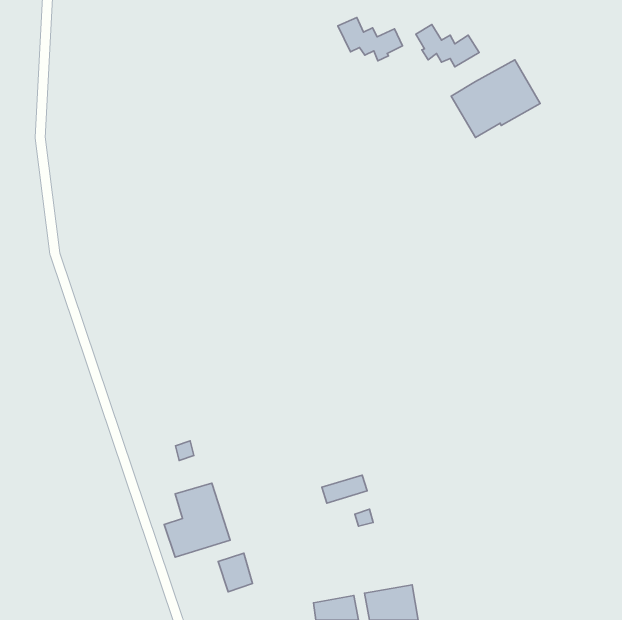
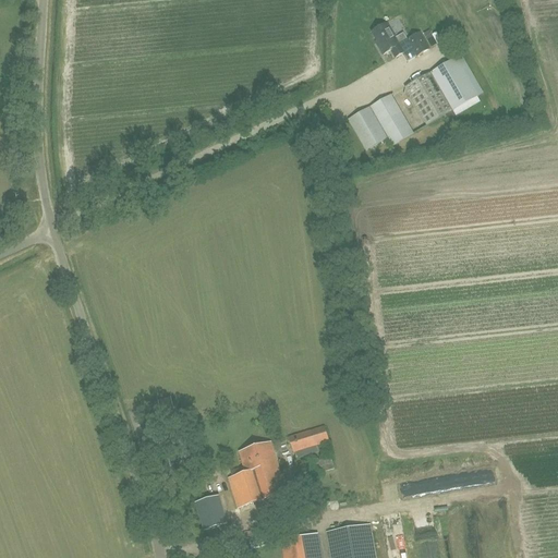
building: [338,18,403,61] -> none
building: none -> [348,94,412,149]
building: [164,483,230,557] -> [228,440,287,507]

